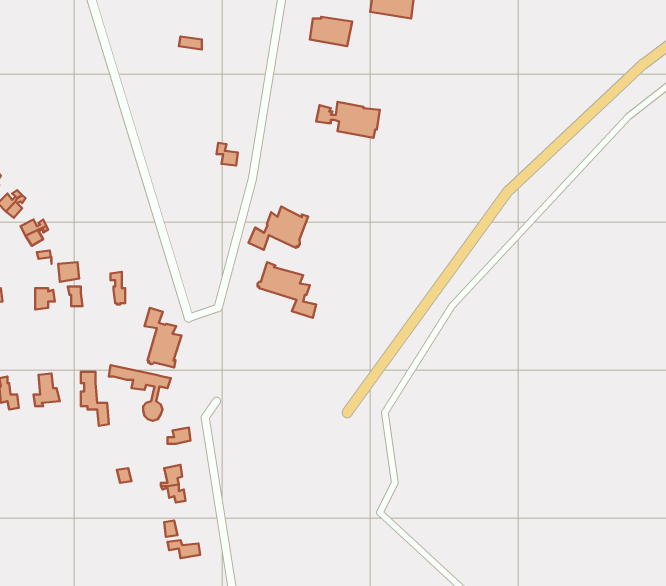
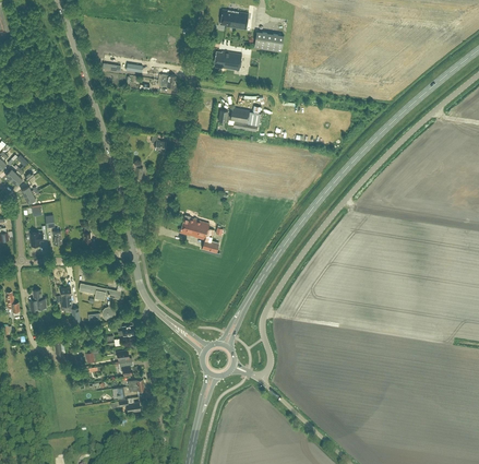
building: [249,206,308,250] -> none
building: [145,308,181,367] -> none

